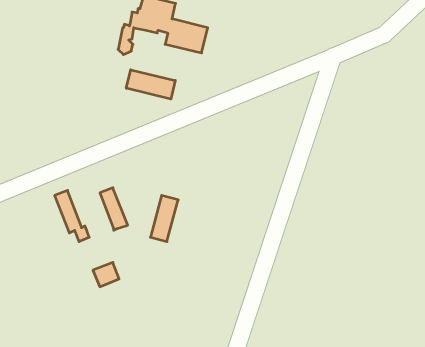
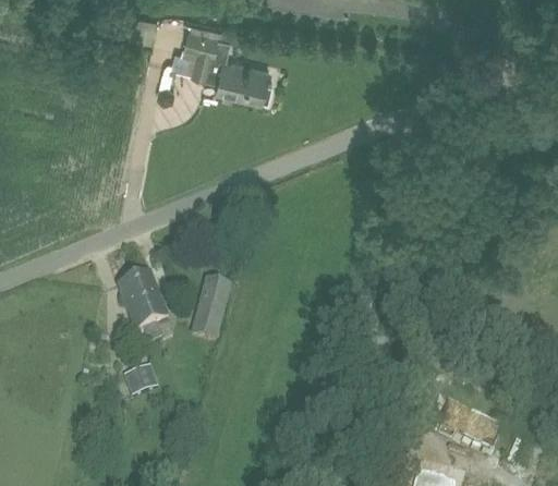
building: [126,70,175,99] -> none
building: [55,190,89,242] -> [116,275,159,339]

